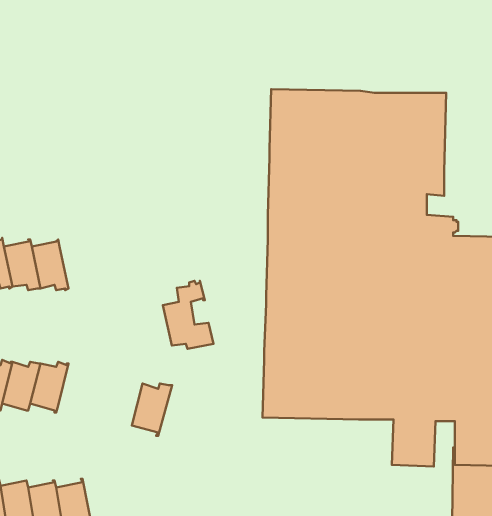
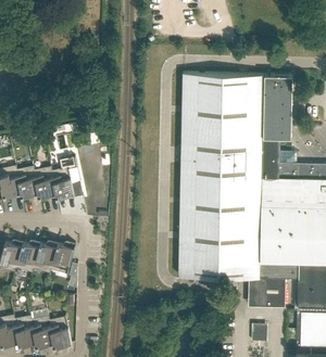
building: [163,281,214,349] -> [50,156,82,199]
building: [132,384,172,436] -> [49,243,74,276]

